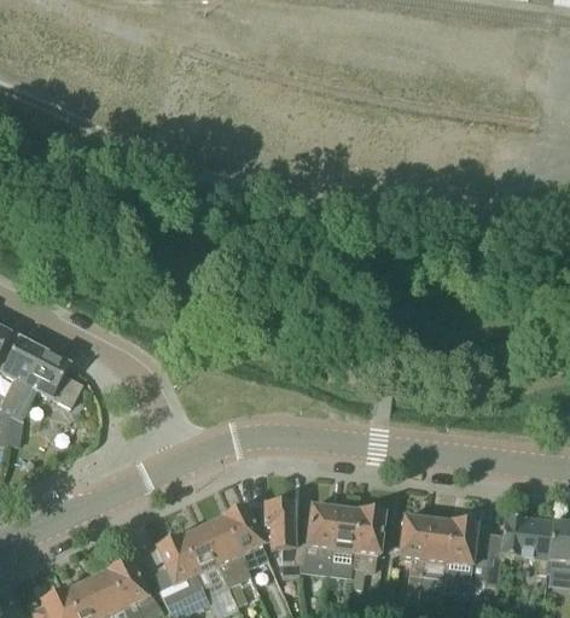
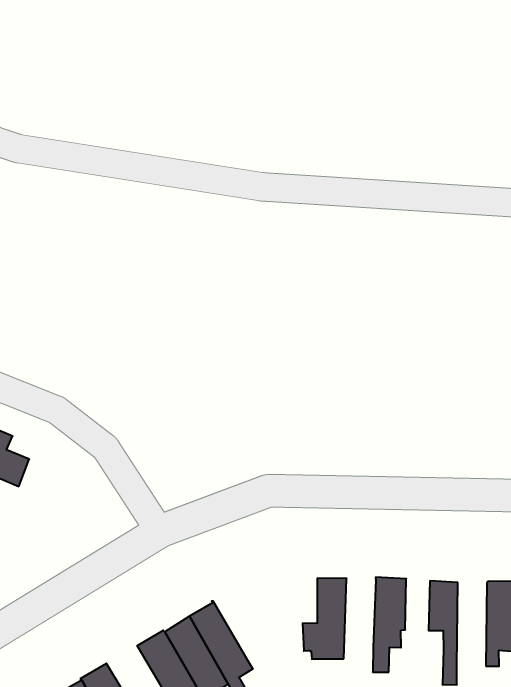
building: [263,501,298,572] -> none
building: [221,503,260,566] -> none
building: [325,506,357,573] -> none
building: [418,518,449,589] -> none

